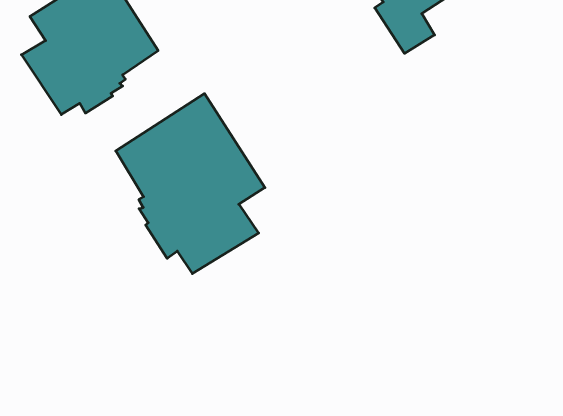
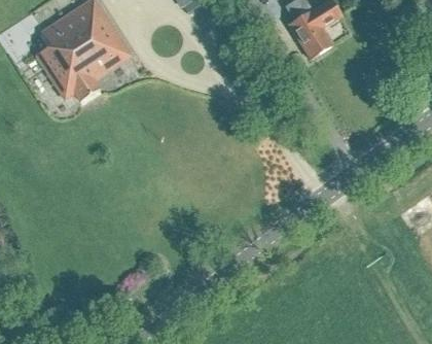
building: [116,94,265,274] -> none

